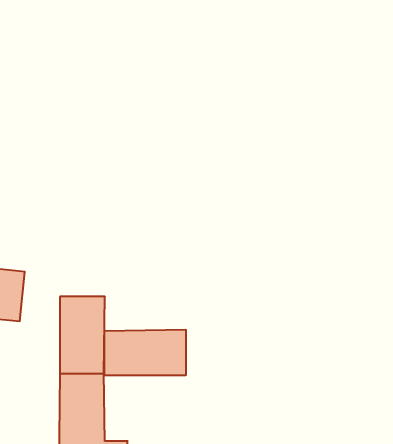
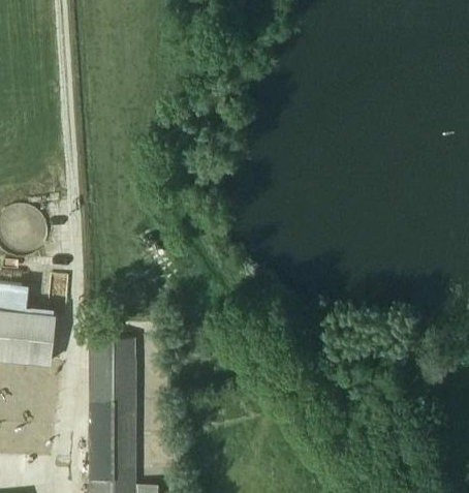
building: [104,330,186,375] -> none

